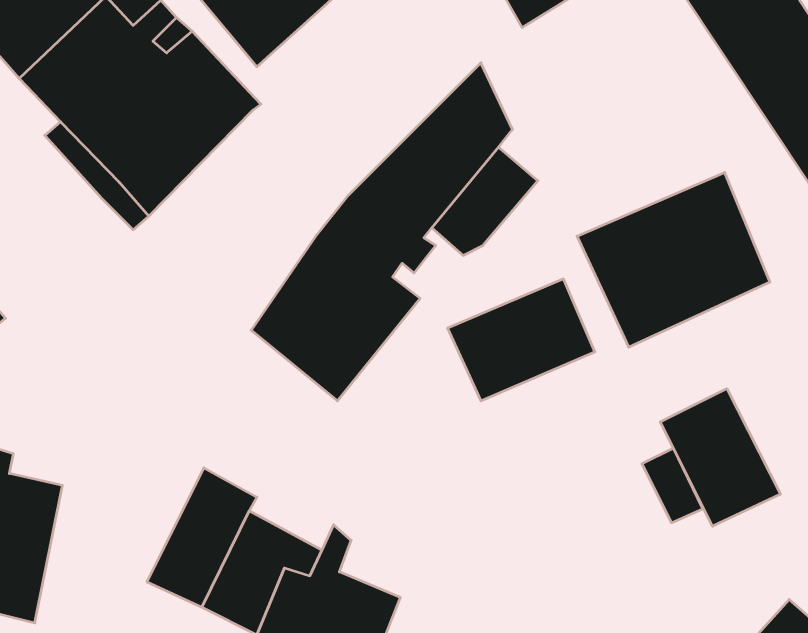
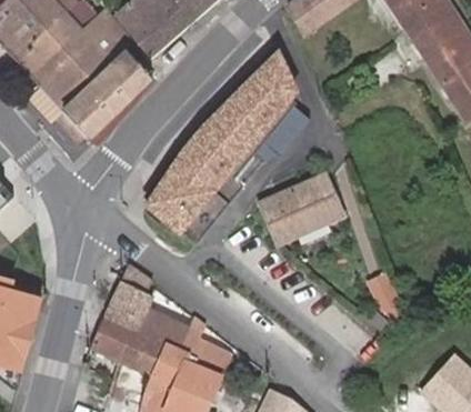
building: [577,172,770,347] -> none
building: [660,389,780,526] -> none

